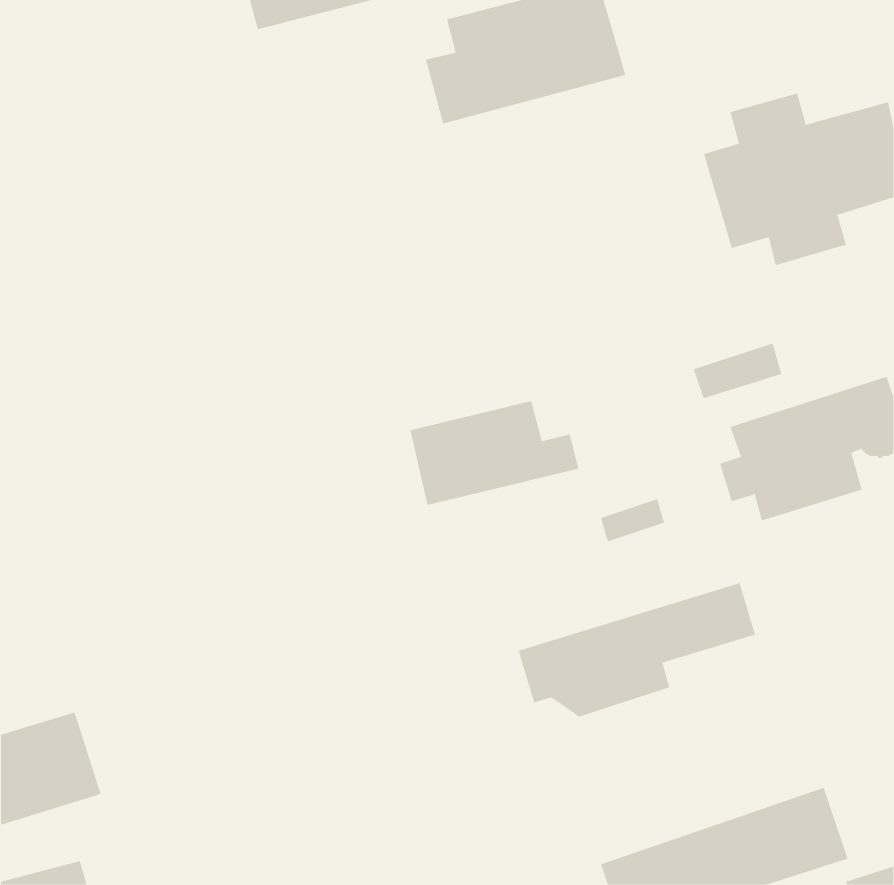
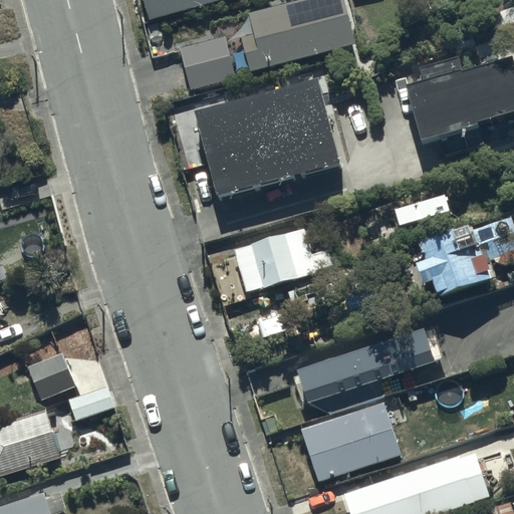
building: none -> [182,37,237,90]
building: none -> [193,79,338,197]
building: none -> [26,352,116,419]
building: none -> [300,402,400,481]

